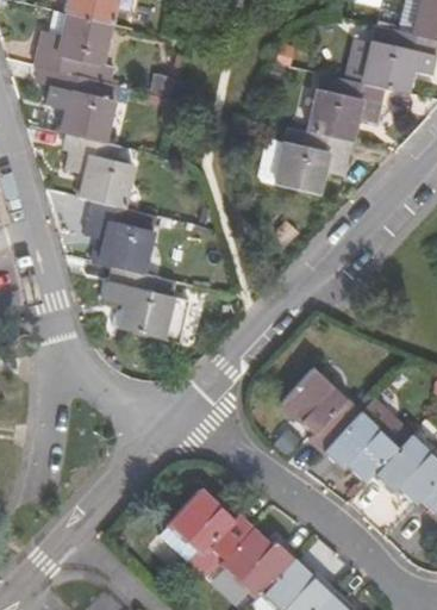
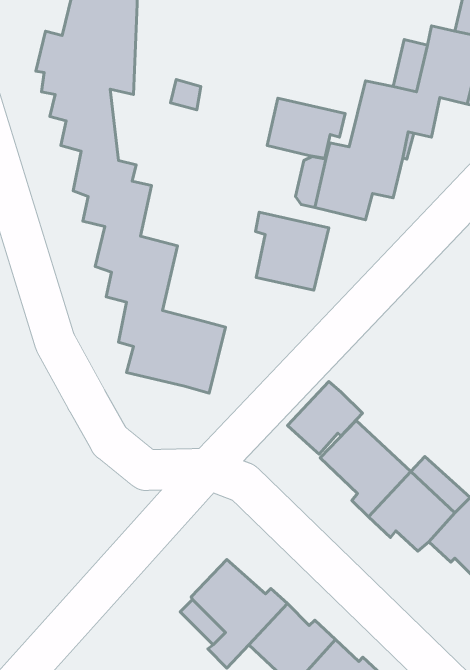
building: none -> [267,98,345,158]
building: none -> [256,212,329,290]
building: none -> [287,381,363,454]

